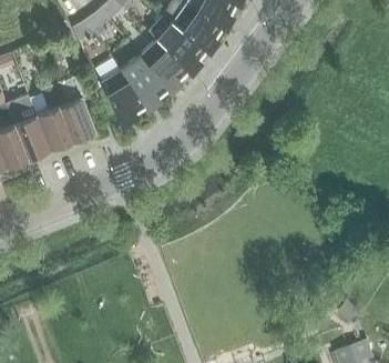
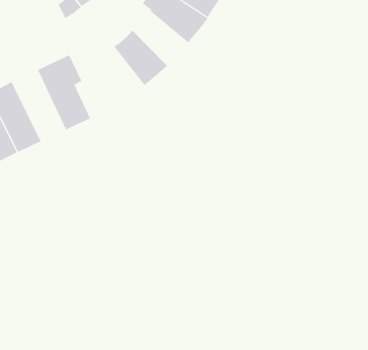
building: [137,39,187,89] -> none
building: [100,69,145,121] -> none
building: [35,85,72,150] -> none

